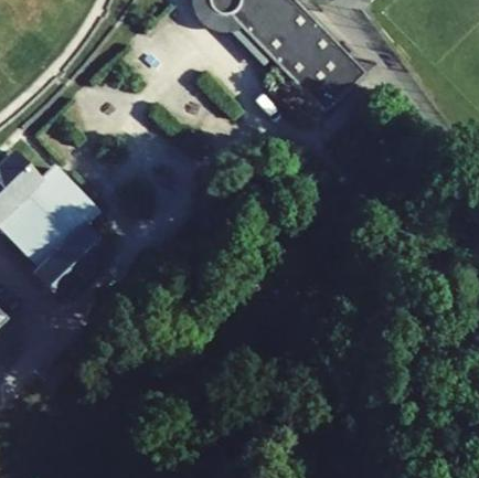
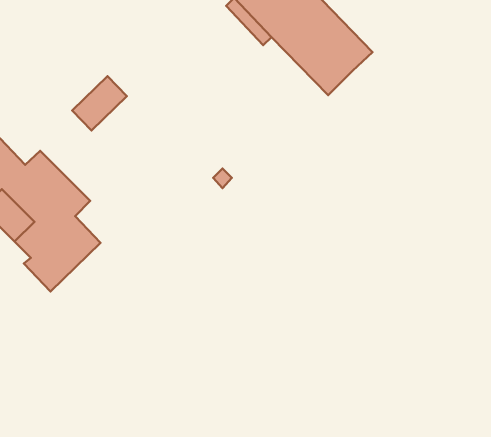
building: none -> [72,76,127,131]

